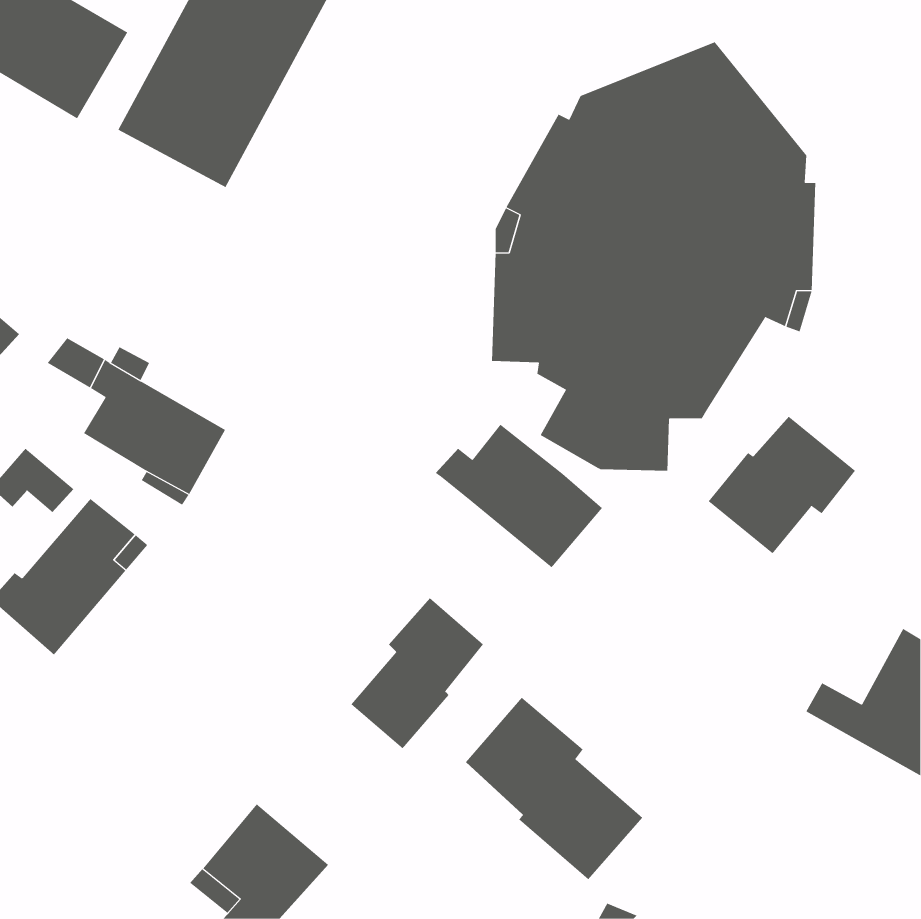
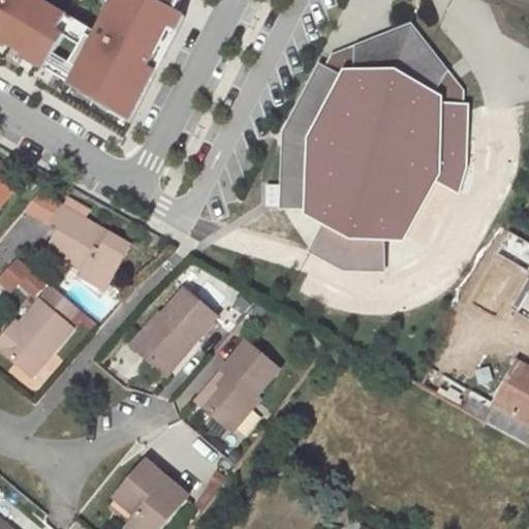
building: [708,416,856,554] -> none
building: [435,424,603,568] -> none
building: none -> [132,288,216,370]
building: [465,697,643,880] -> none

